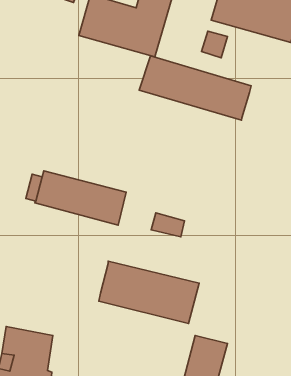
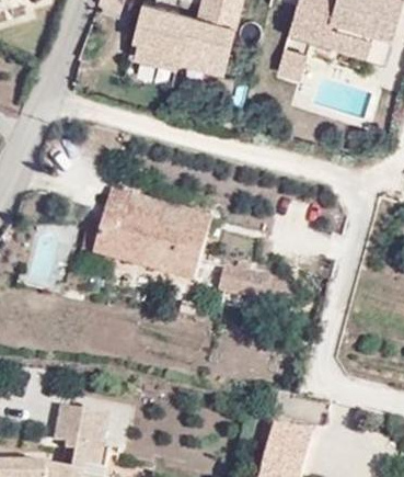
building: [139,56,251,120] -> none
building: none -> [89,191,196,243]
building: [99,261,199,324] -> none

